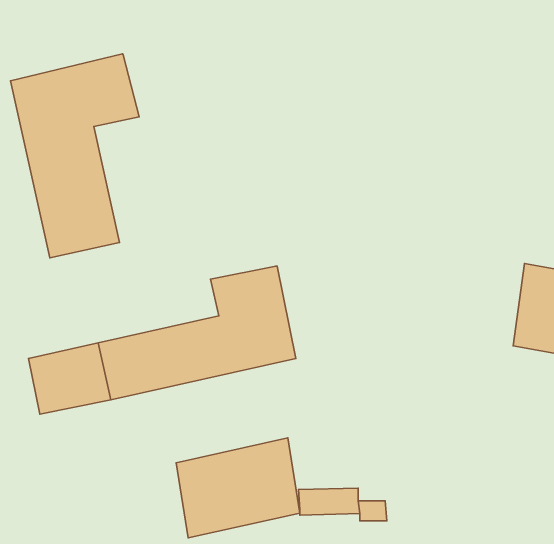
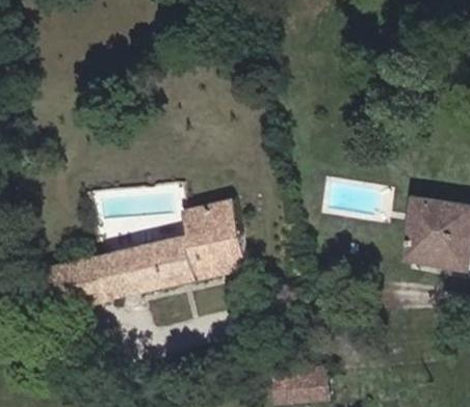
building: [10,54,139,258] -> none
building: [176,438,300,538] -> none

